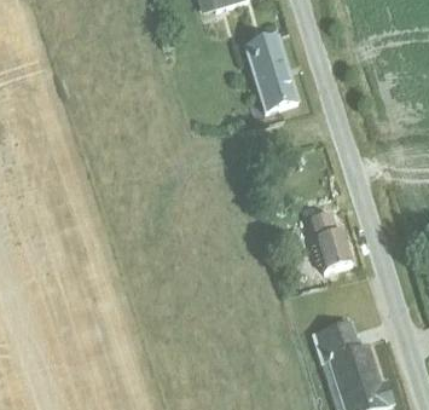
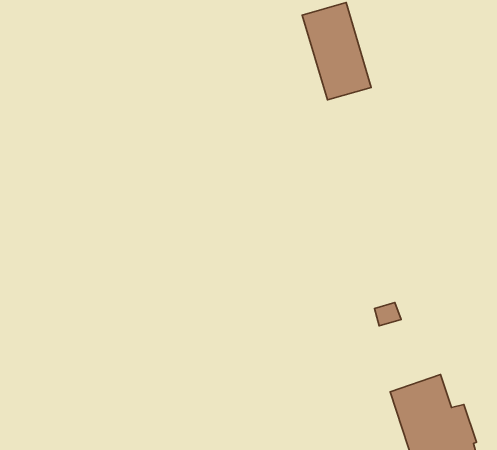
building: [313,208,353,270] -> none

